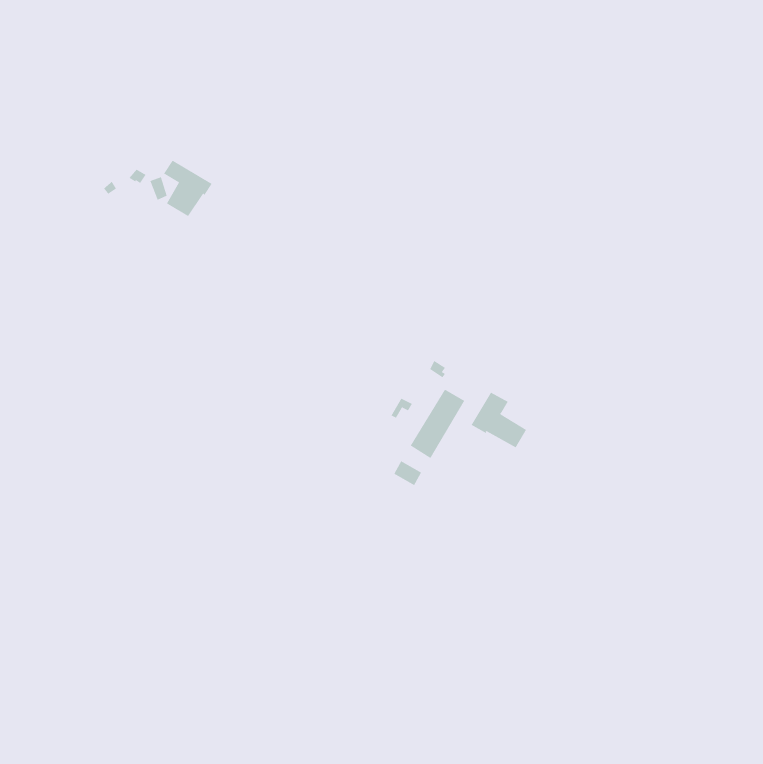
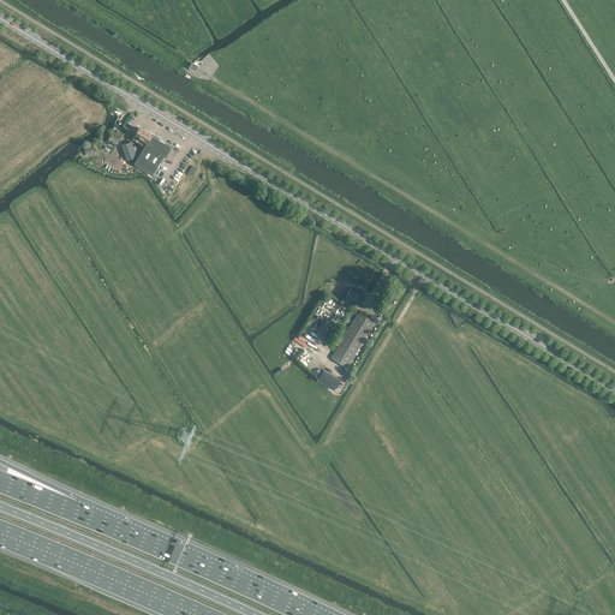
building: [471,392,527,448] -> none

